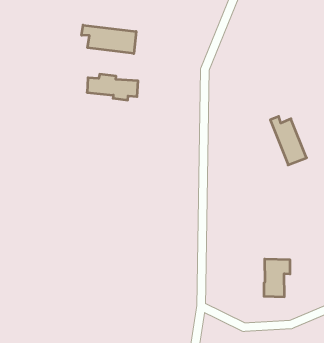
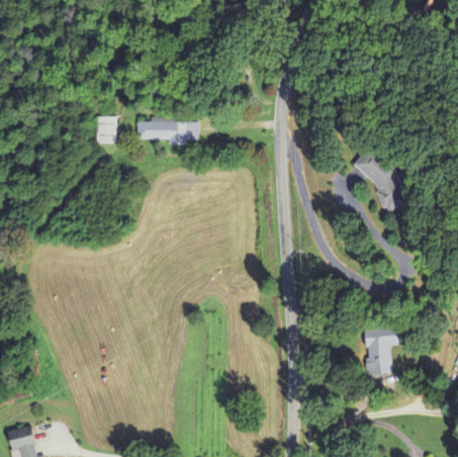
building: [82,25,136,54] -> none
building: none -> [95,116,115,144]

